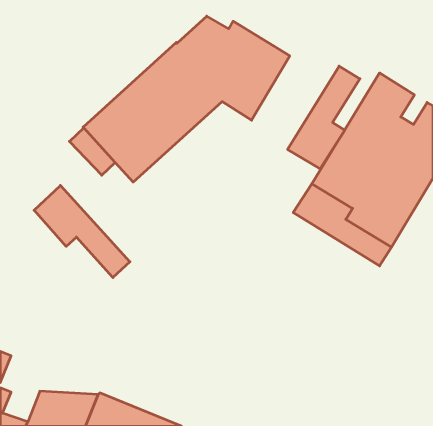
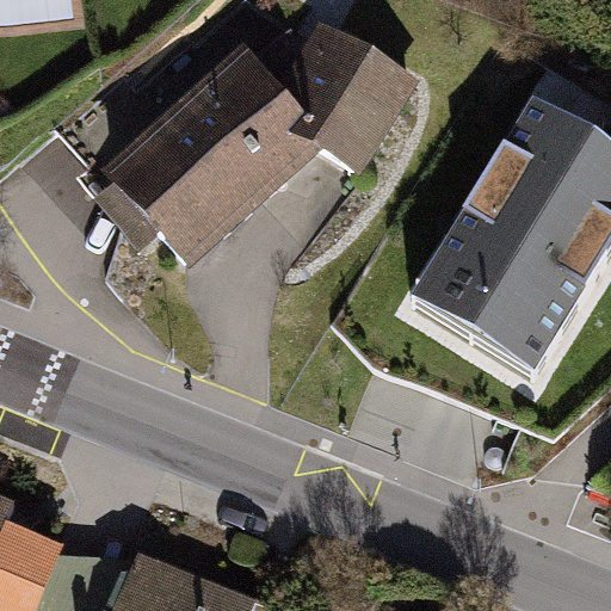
building: [288,66,360,169] -> none
building: [34,185,130,278] -> none

